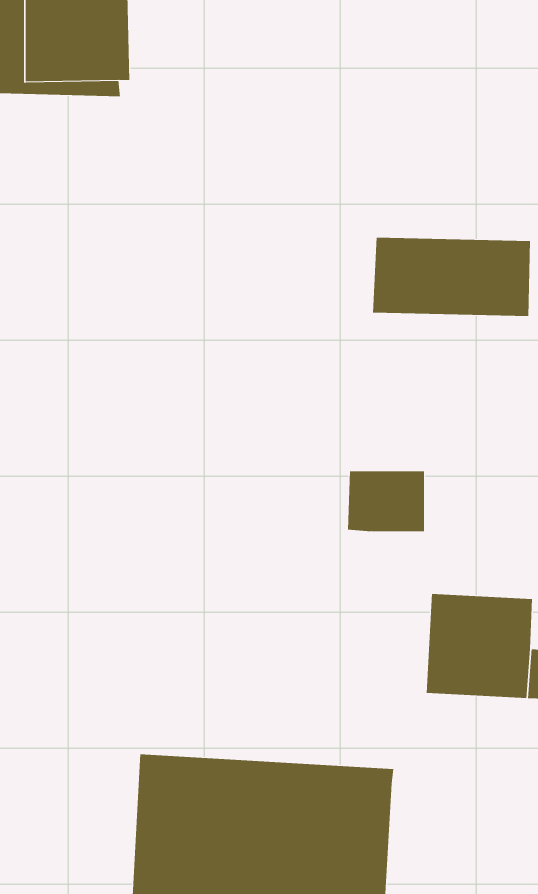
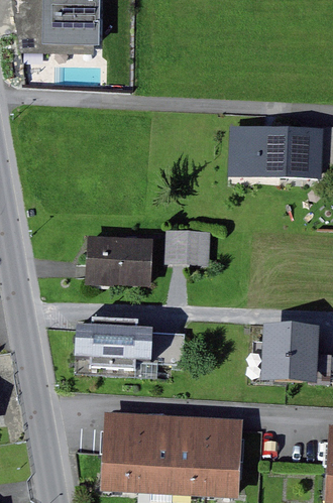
building: none -> [85,235,154,287]
building: [347,471,425,532] -> [165,230,208,263]
building: none -> [75,325,184,365]

